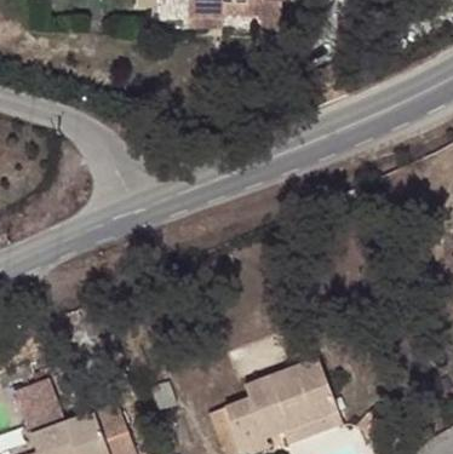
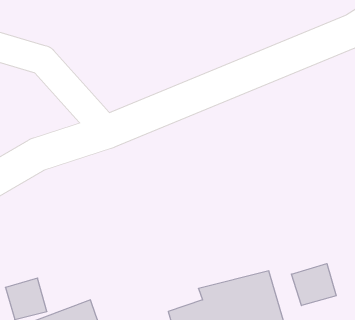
building: none -> [291,264,336,306]

